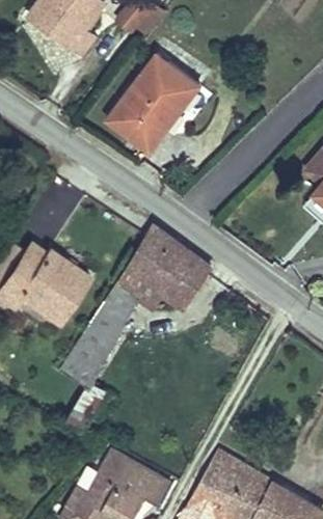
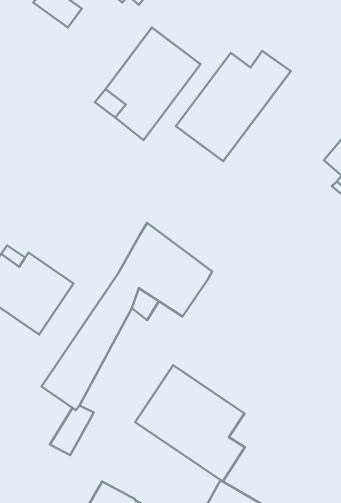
building: none -> [176,51,291,161]
building: none -> [135,365,245,481]

